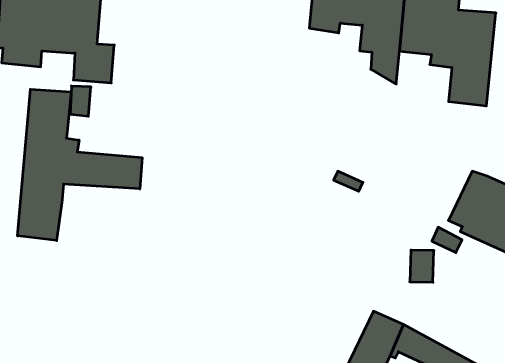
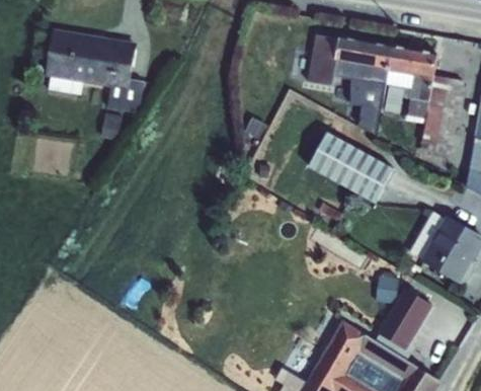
building: none -> [309,133,394,204]
building: [18,89,142,241] -> none
building: none -> [381,286,432,346]

